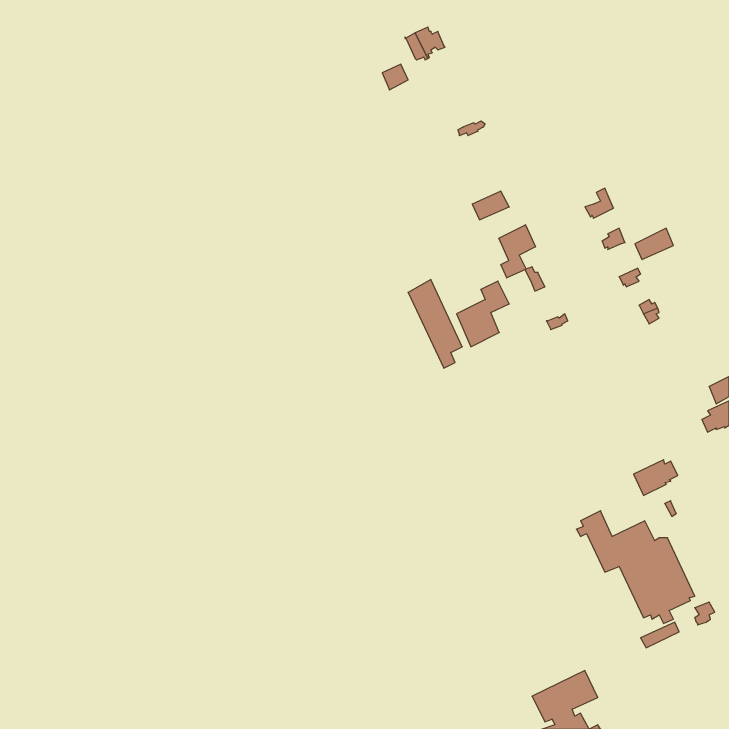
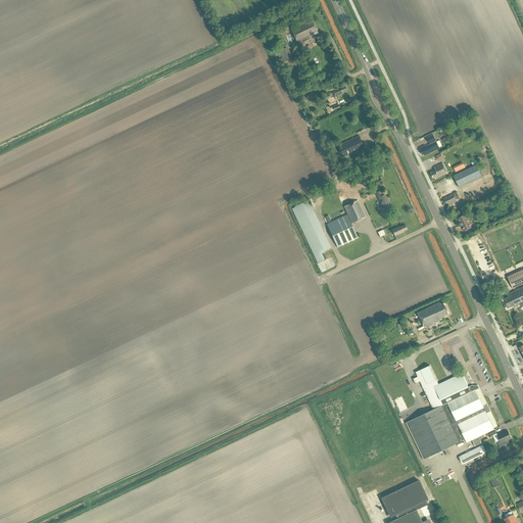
building: [499,225,535,278] -> none
building: [634,460,678,495] -> [418,302,449,328]
building: none -> [407,406,461,460]

